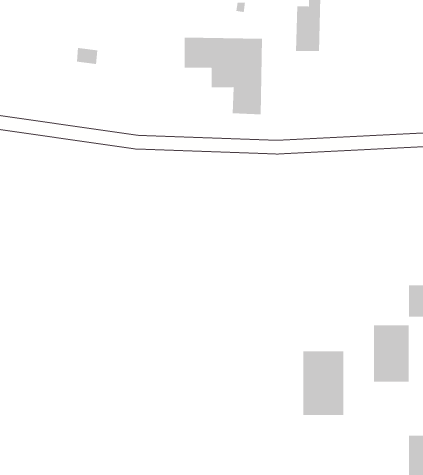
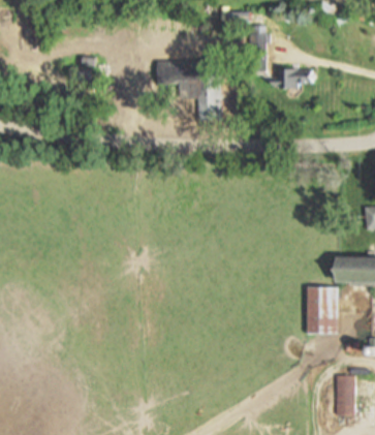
building: none -> [274,67,313,87]
building: [303,350,344,416] -> none

